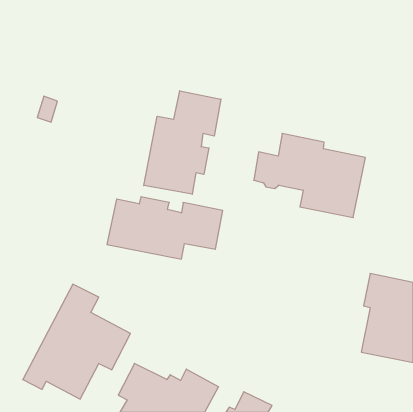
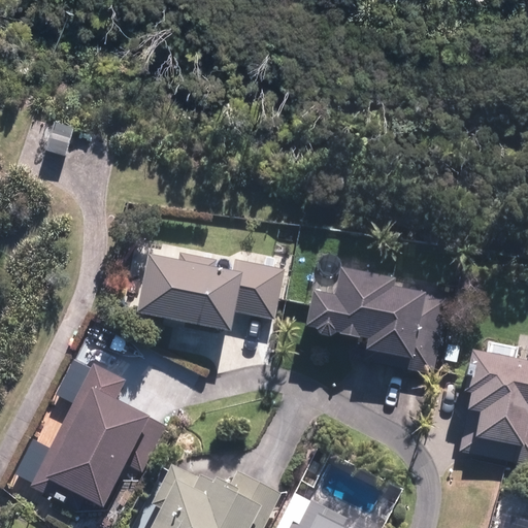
building: [144,91,221,194] -> none
building: [254,133,365,218] -> [304,266,447,373]

